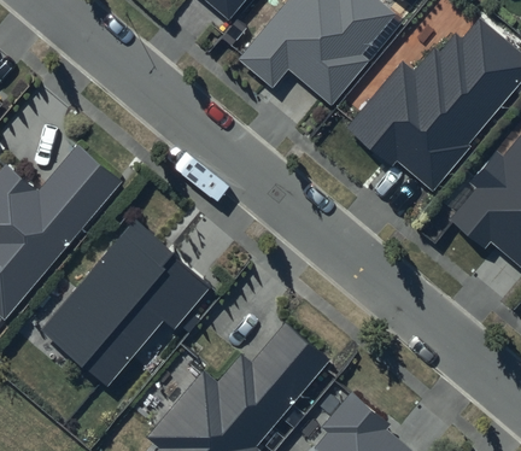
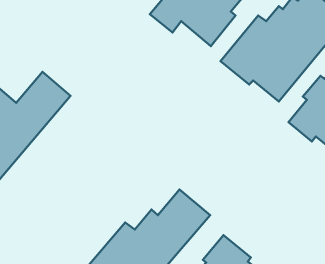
building: [41,219,212,386] -> none

